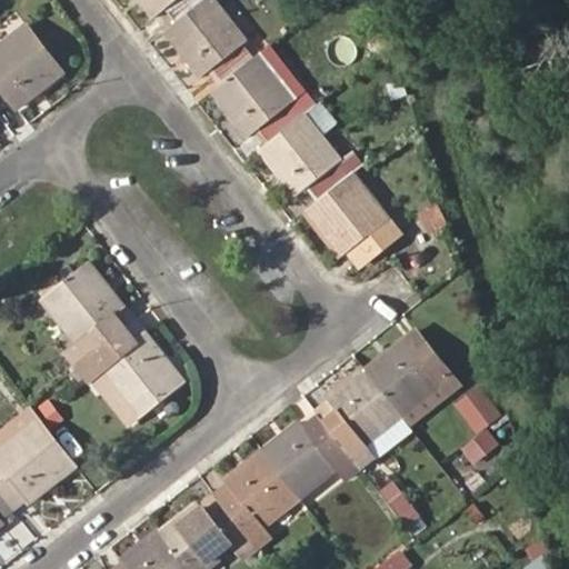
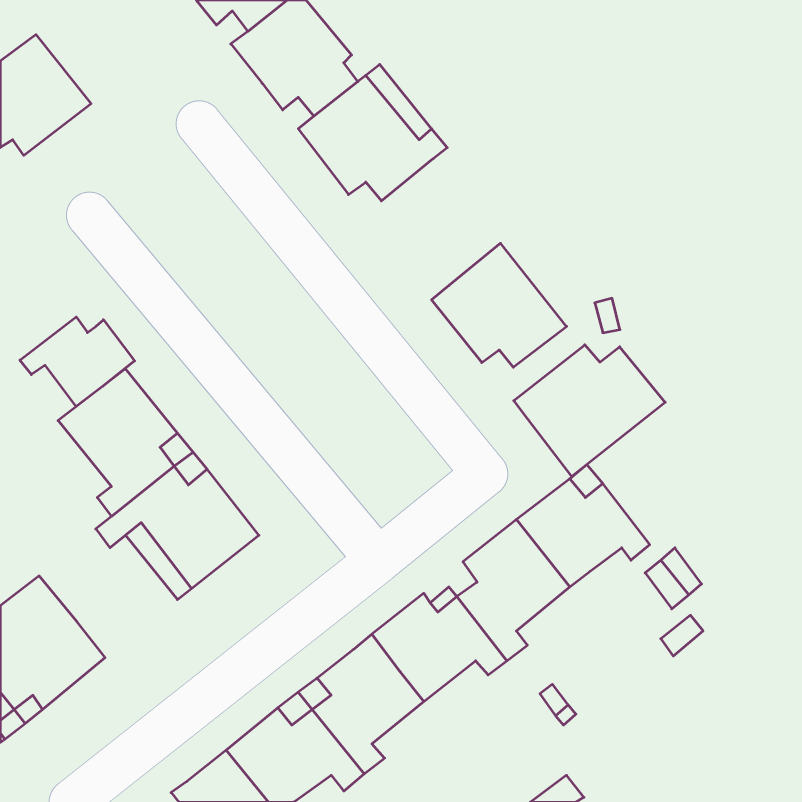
building: [258,112,365,202] -> none
building: none -> [20,317,135,406]
building: none -> [514,345,665,477]

